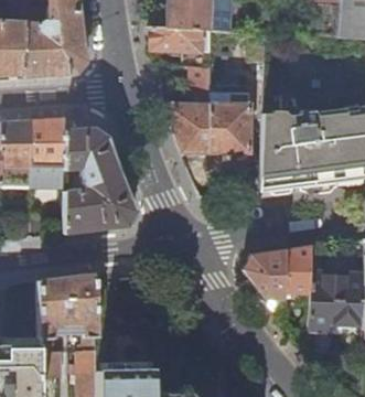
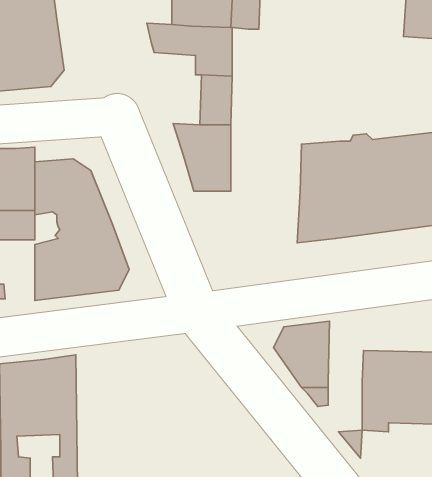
building: [211,103,250,153] -> none
building: [283,246,310,294] -> none

